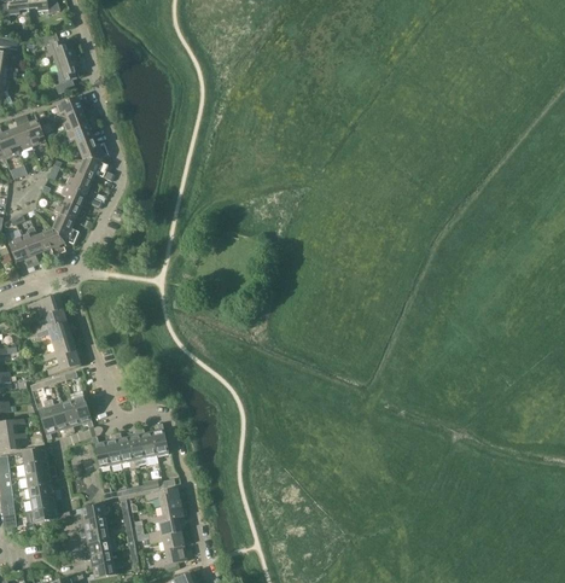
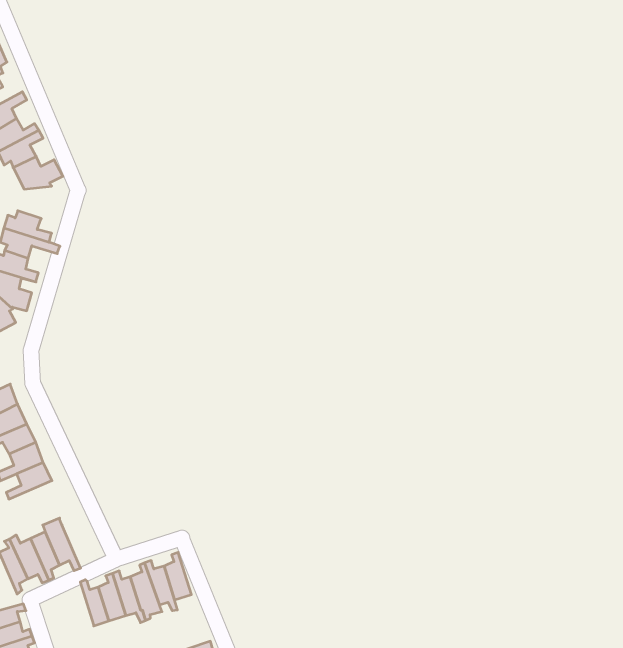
building: [76,161,115,182] -> none

